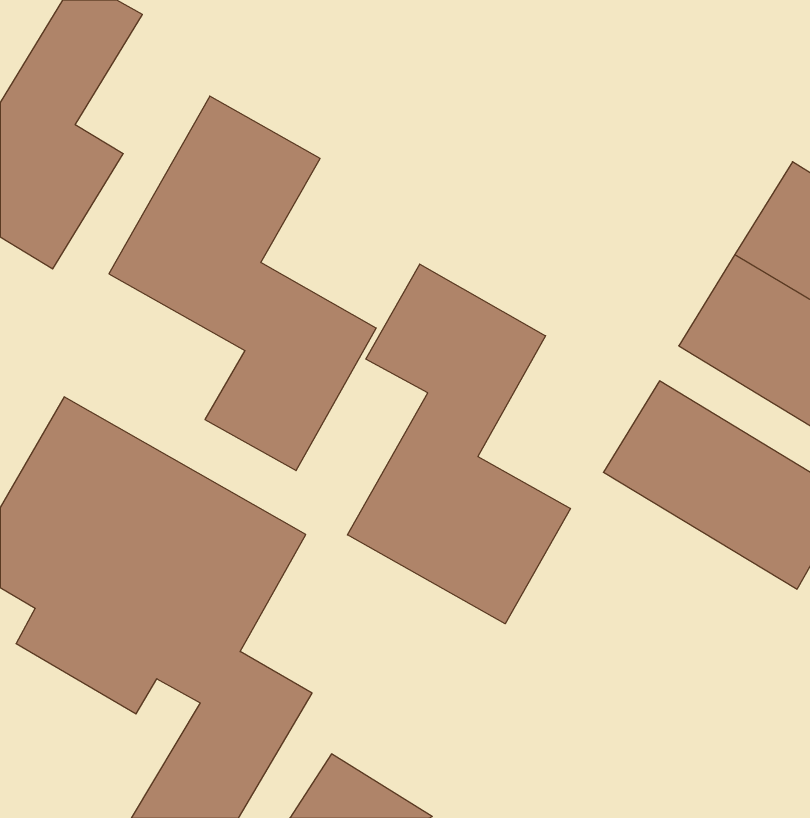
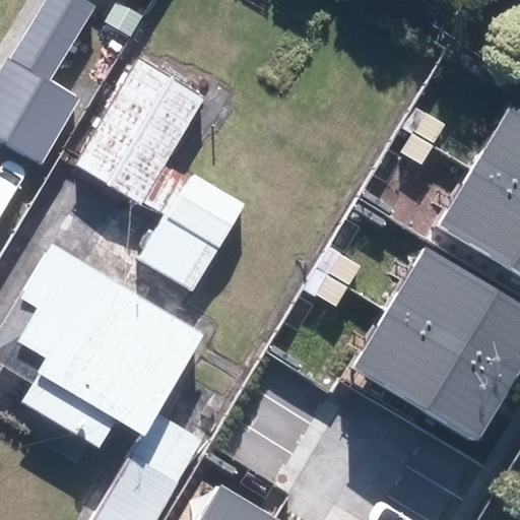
building: [347,264,570,624] -> none
building: none -> [352,300,511,433]

